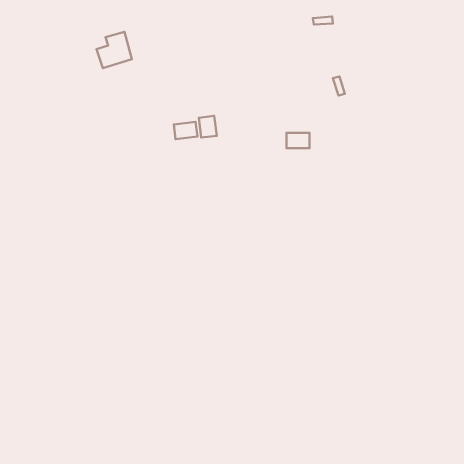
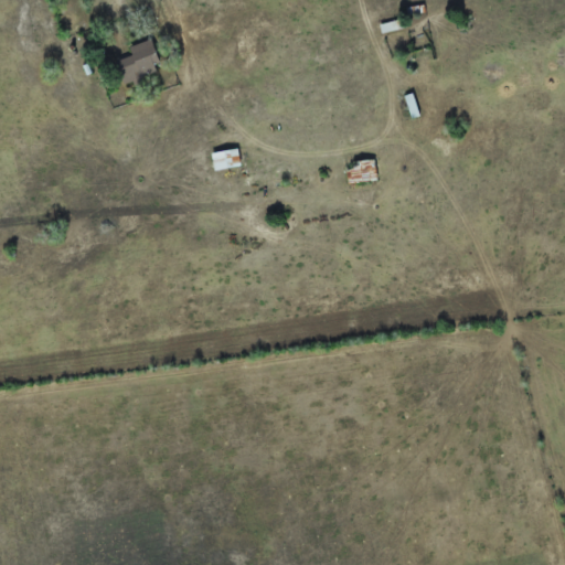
building: [199,116,217,138] -> none

